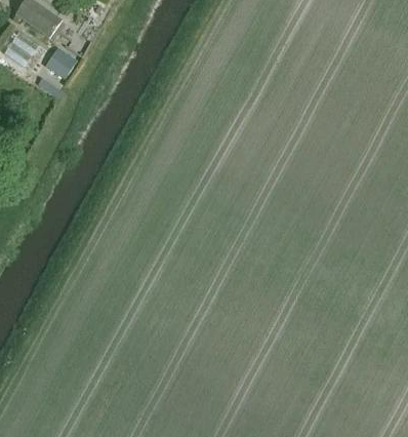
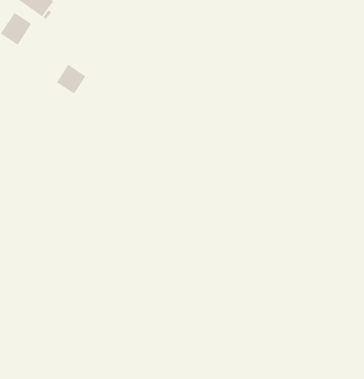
building: [45,47,77,79] -> [56,64,86,94]

